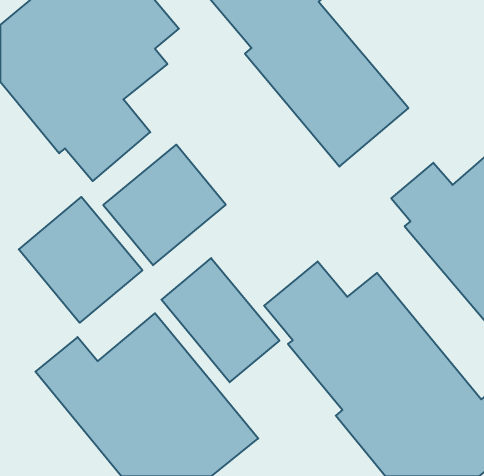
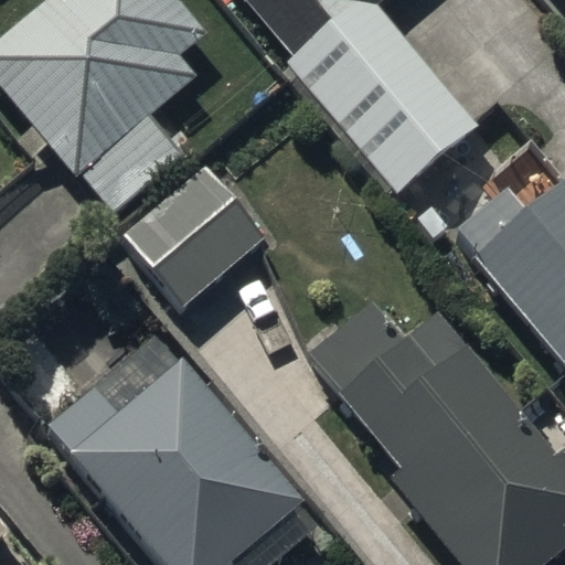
building: [19,197,142,323] -> none
building: [161,258,279,382] -> none

